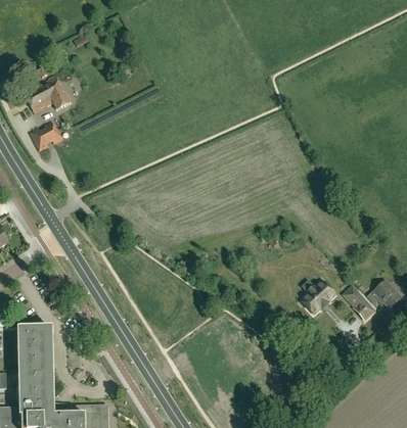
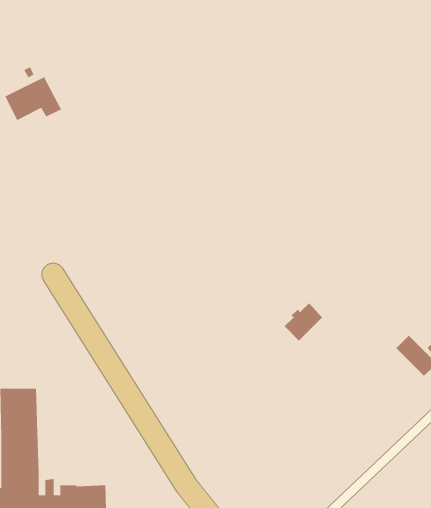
building: [31,123,63,151] -> none
building: [303,282,334,314] -> [284,302,323,341]

